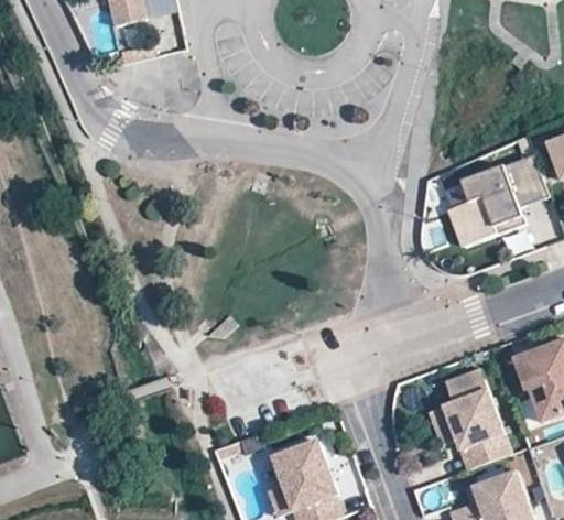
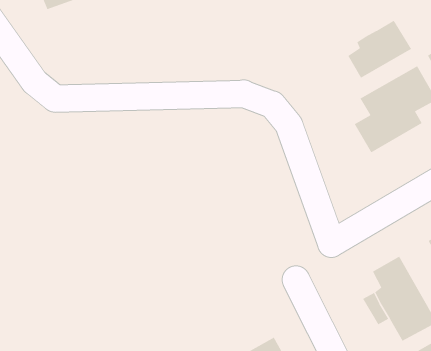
building: none -> [348,20,412,79]

